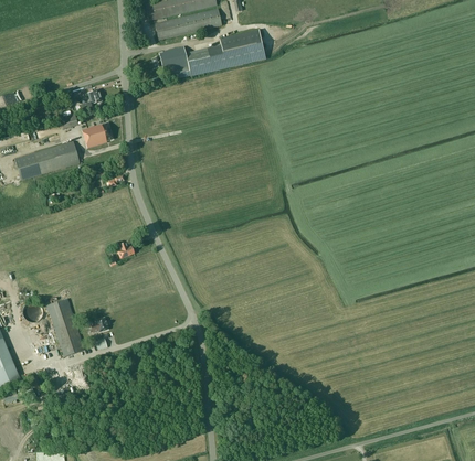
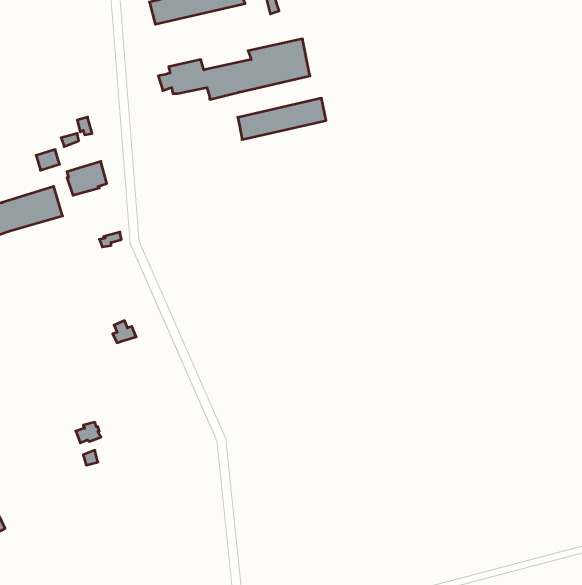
building: [154,9,220,40] -> [238,98,326,140]
building: [45,299,83,356] -> none

